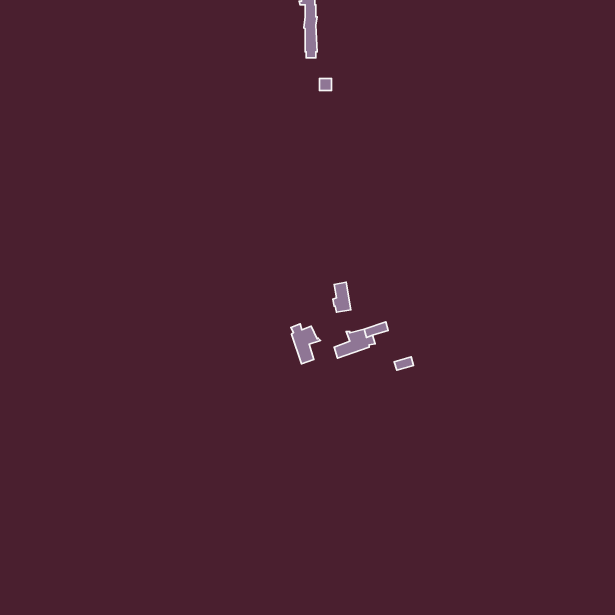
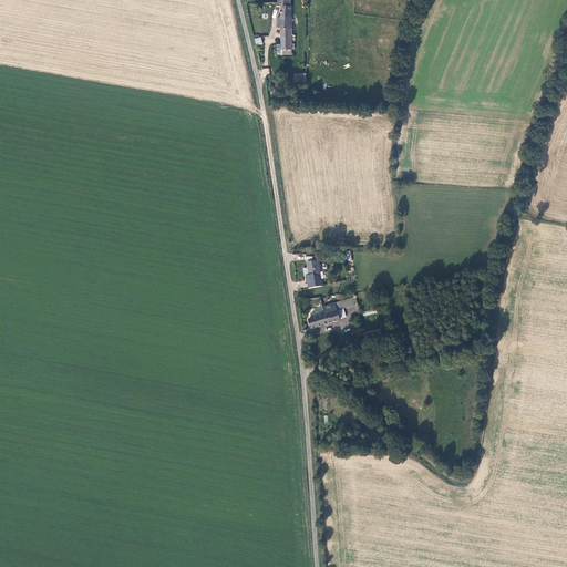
building: [291,324,320,364] -> none

